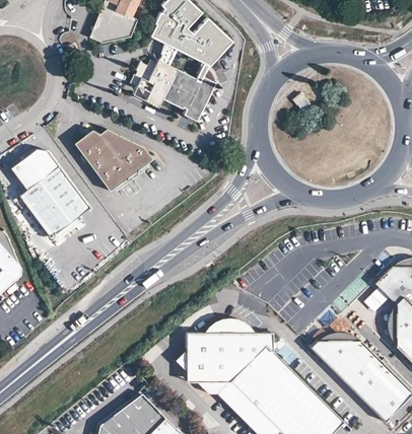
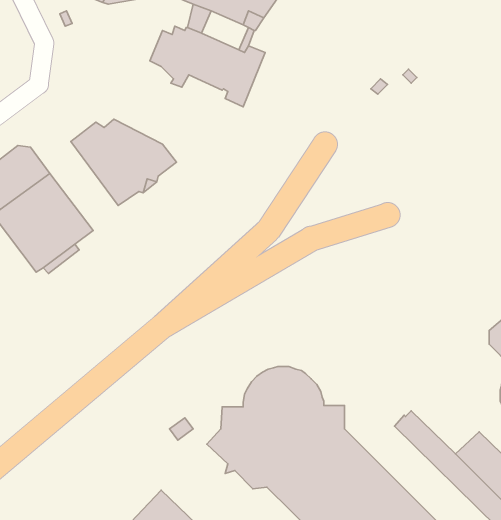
building: [323,336,372,371] -> none

